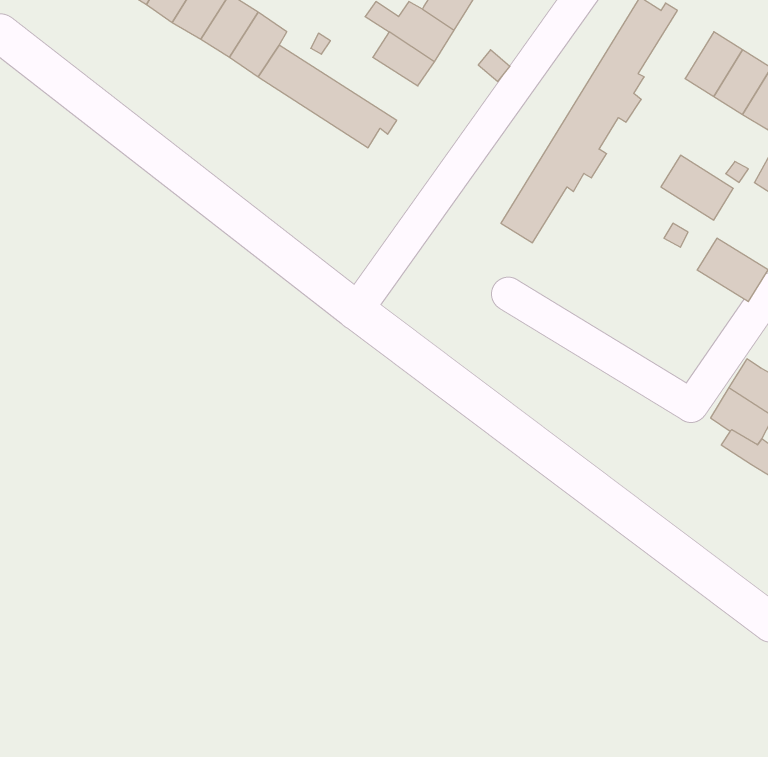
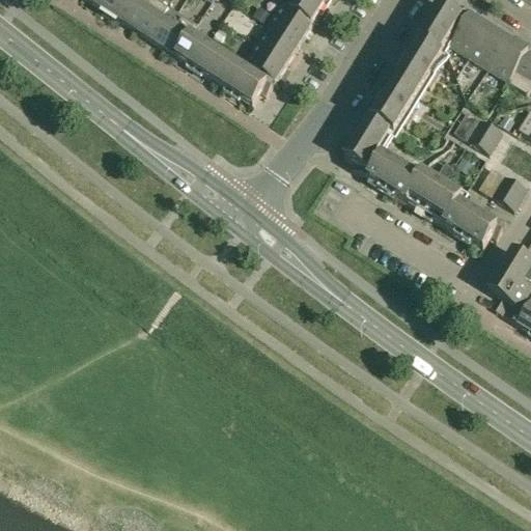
building: none -> [452,9,493,54]
building: none -> [246,39,289,79]
building: none -> [369,151,508,247]

